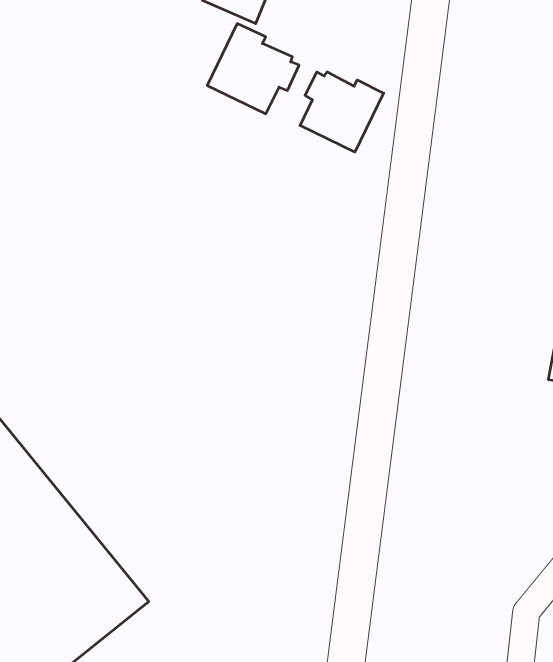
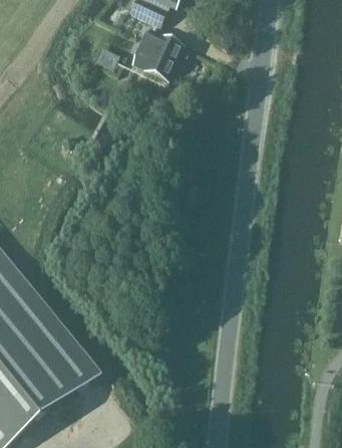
building: [300,72,384,152] -> none

